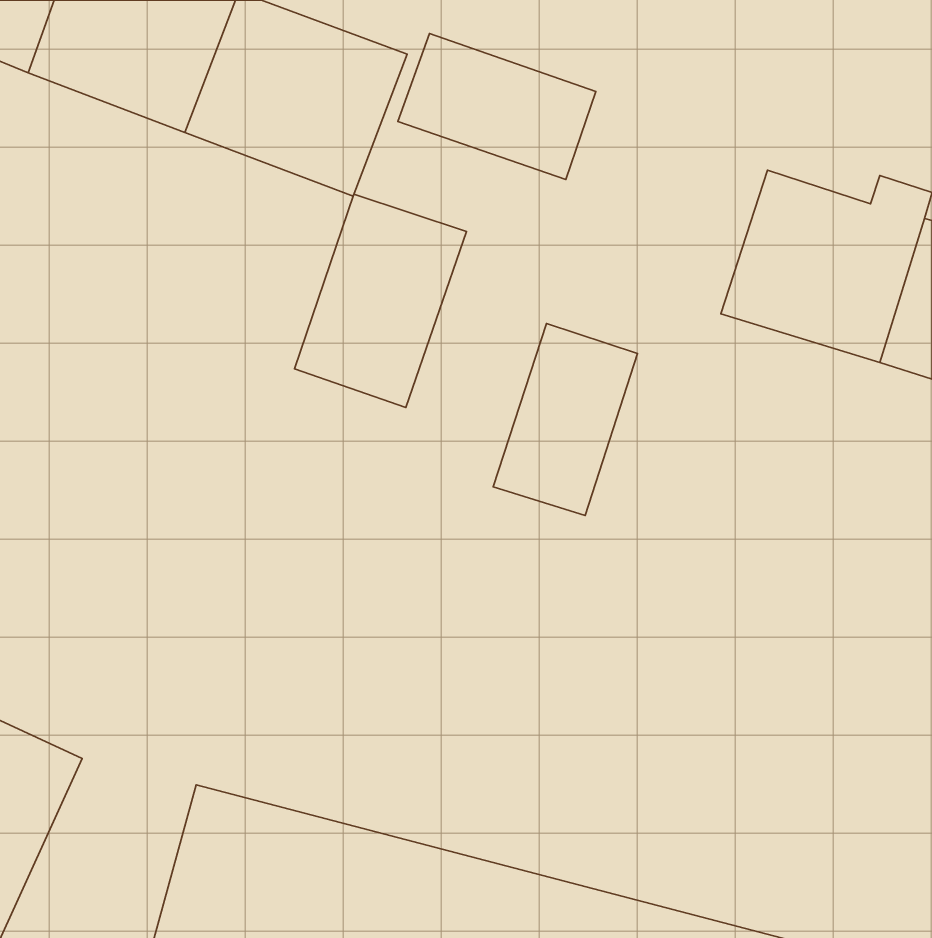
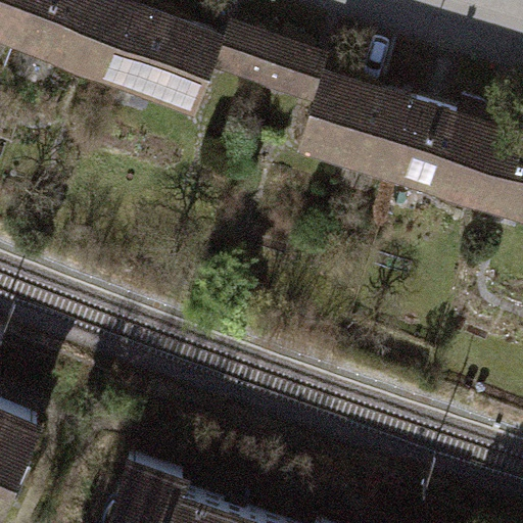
building: none -> [300,73,420,181]
building: [295,194,467,407] -> none
building: [493,323,637,515] -> none

